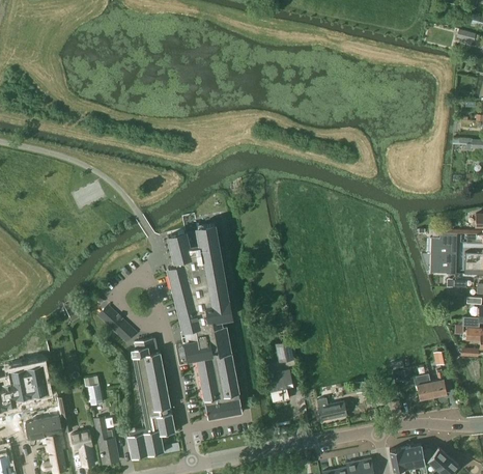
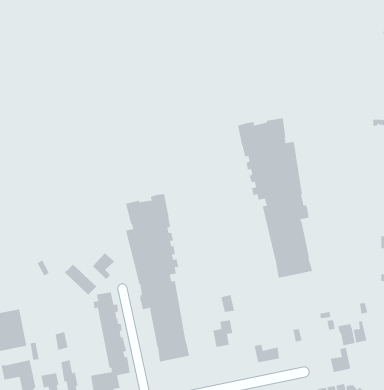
building: none -> [238,117,313,279]
building: [432,230,457,273] -> none
building: none -> [92,253,115,280]
building: none -> [330,347,351,373]

